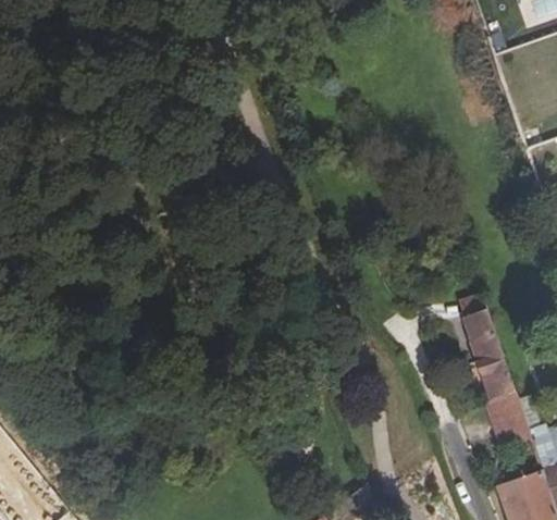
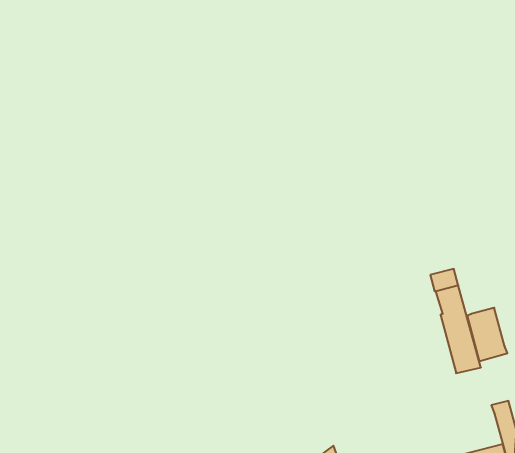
building: [487,393,531,448] -> [467,308,507,361]

